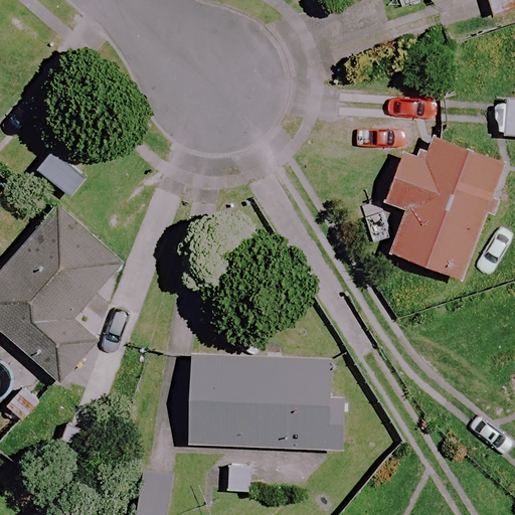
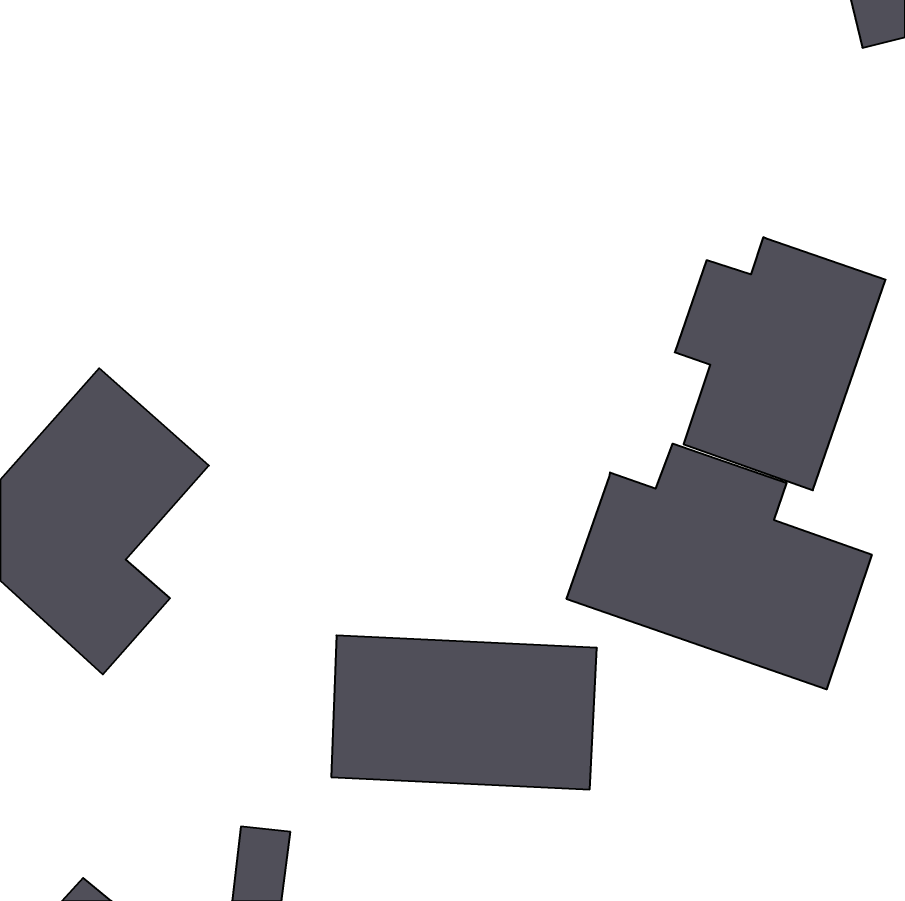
building: none -> [567,444,872,689]

